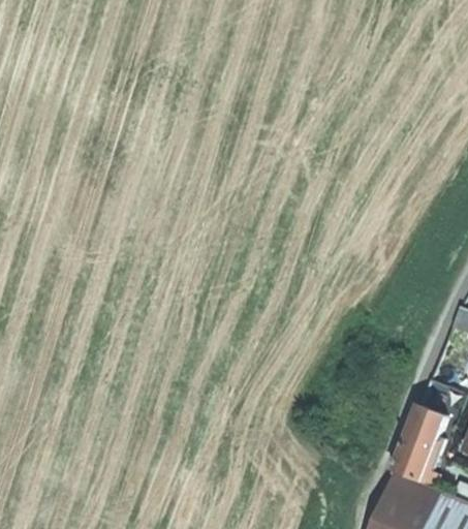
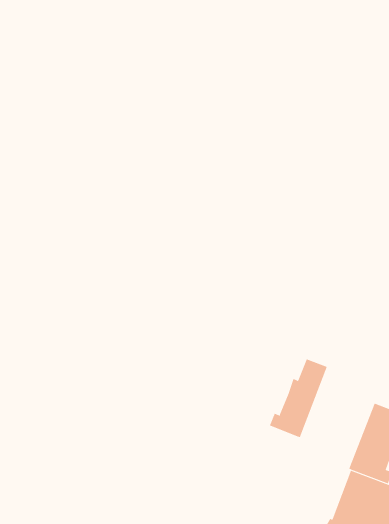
building: none -> [269,358,327,438]

